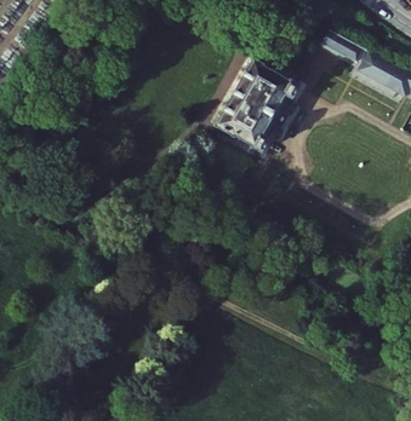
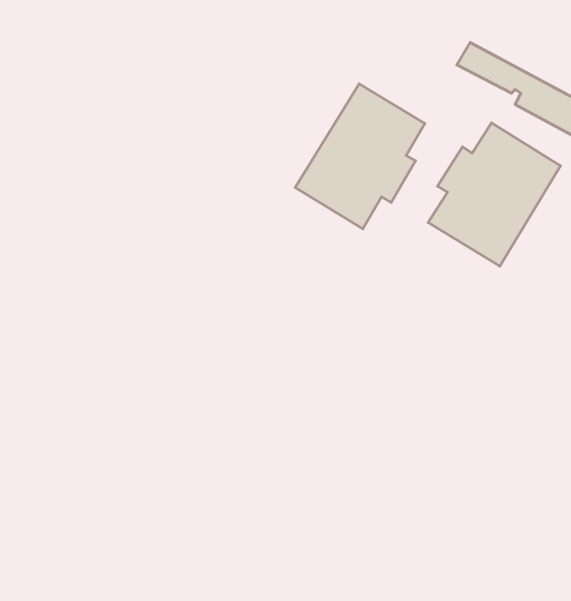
building: none -> [428,123,561,266]

